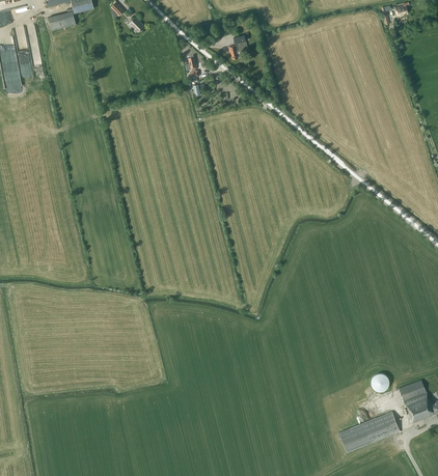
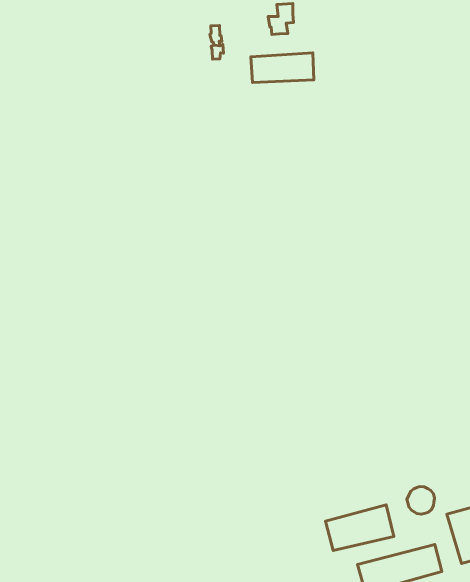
building: none -> [251,53,314,82]
building: none -> [325,505,394,550]

